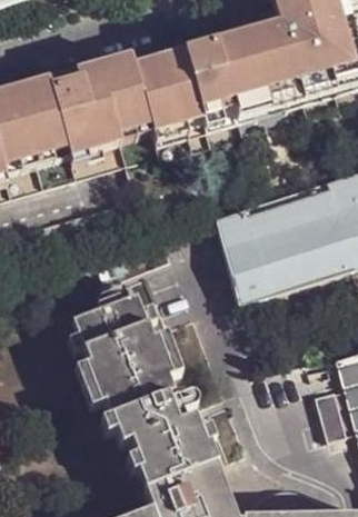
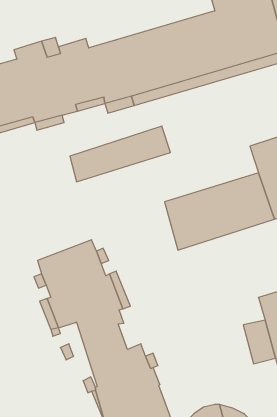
building: [215,183,332,249] -> [70,126,170,182]

